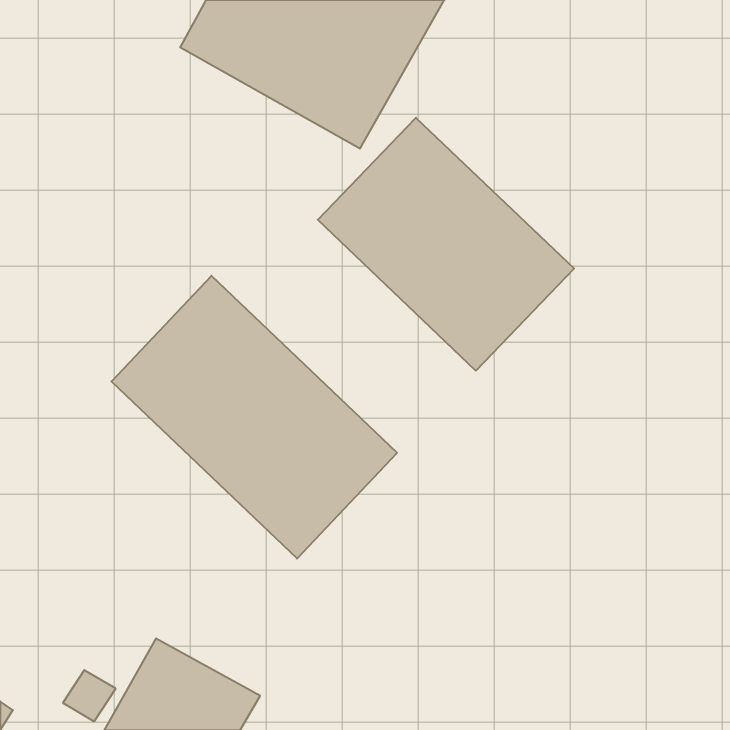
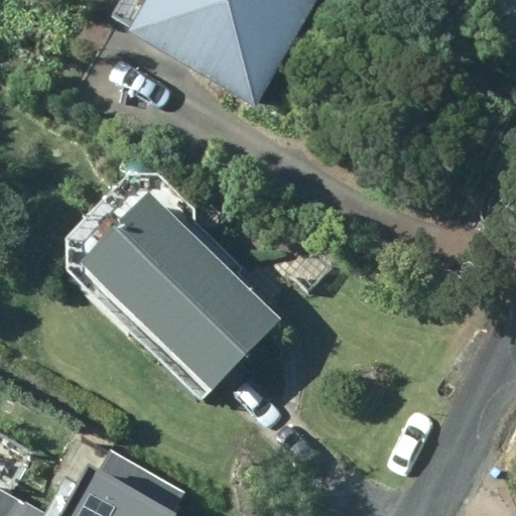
building: [318,118,574,371] -> none

